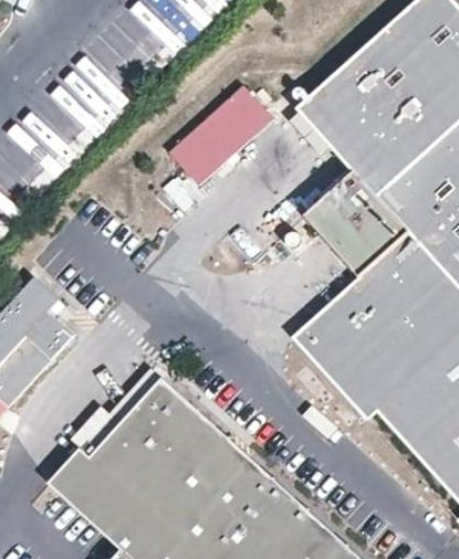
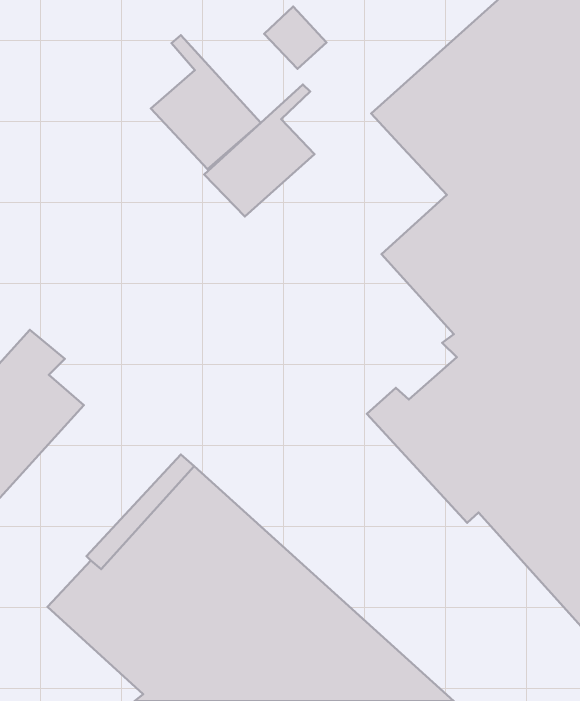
building: none -> [151,35,261,169]
building: [227,93,274,140] -> [264,6,326,69]

